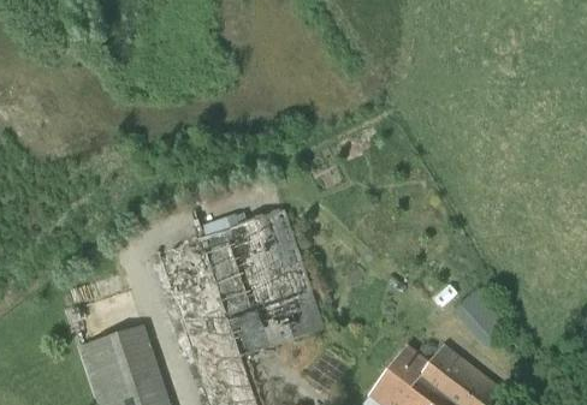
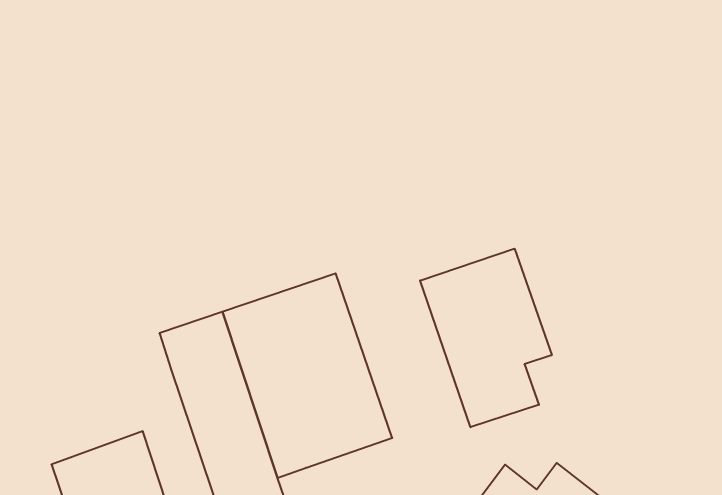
building: none -> [420,249,552,427]
building: [455,286,509,343] -> none

